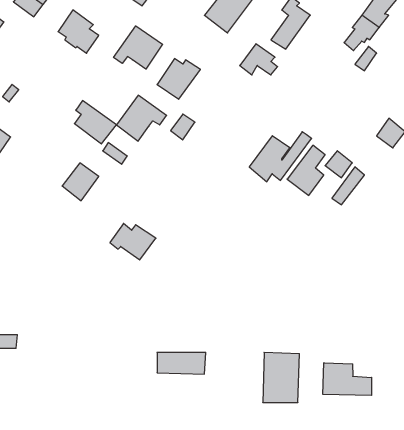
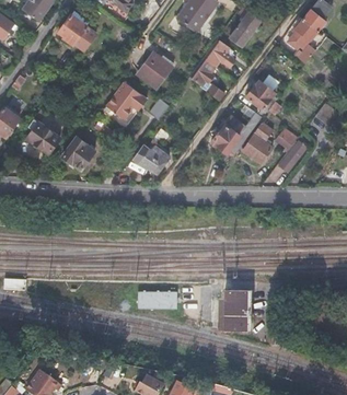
building: [114,26,163,69] -> none
building: none -> [192,59,224,101]
building: none -> [246,75,277,118]
building: [74,101,116,144] -> [27,118,61,153]
building: [110,223,156,260] -> [132,144,170,174]
building: [323,363,372,395] -> none

